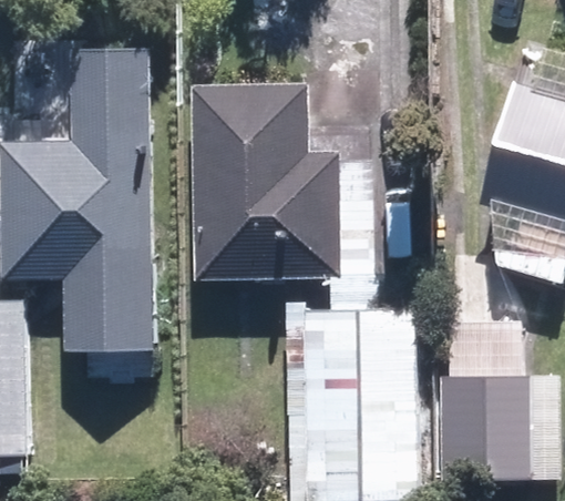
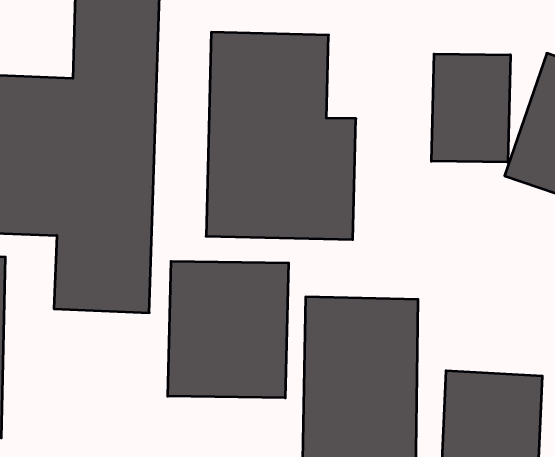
building: none -> [431,54,510,162]
building: none -> [168,261,289,398]

